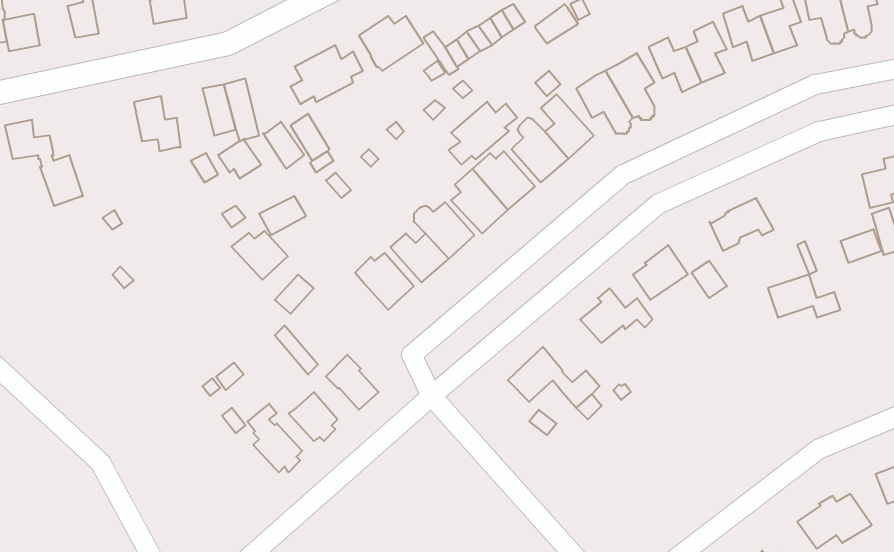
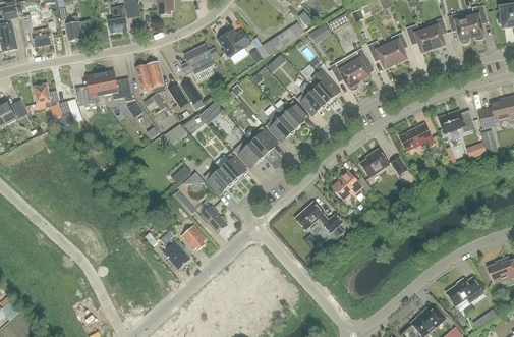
building: [449,102,517,165] -> none
building: none -> [82,73,106,105]
building: [231,231,288,280] -> [203,168,232,193]
building: [768,275,840,318] -> [438,110,475,132]

